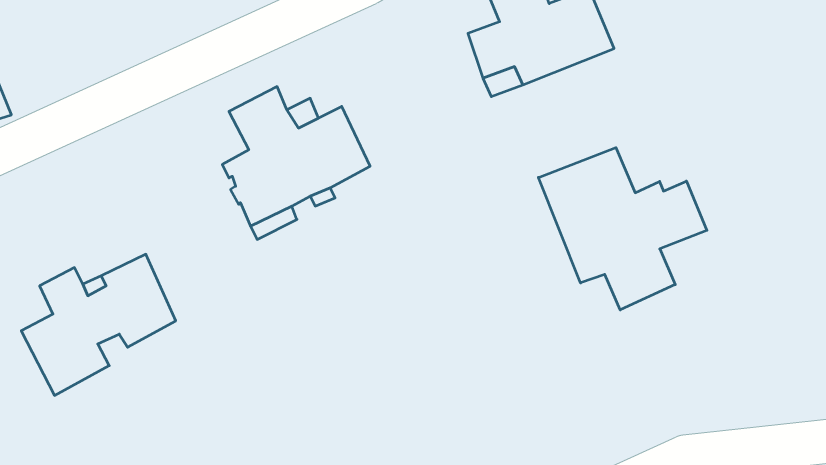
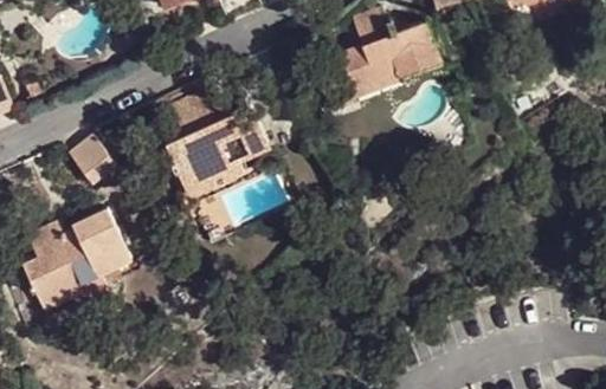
building: none -> [66,134,116,186]
building: [538,148,707,310] -> none

